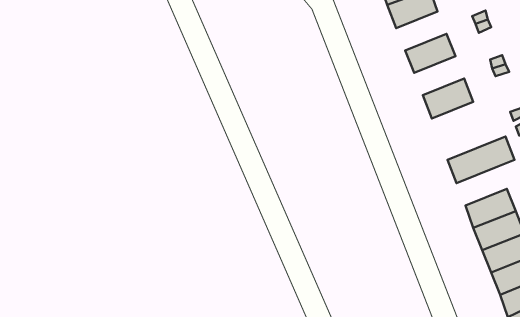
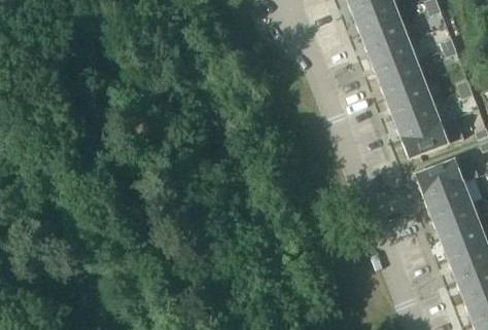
building: none -> [369,38,415,74]
building: none -> [385,79,431,115]
building: none -> [402,116,463,158]
building: none -> [424,181,470,217]

